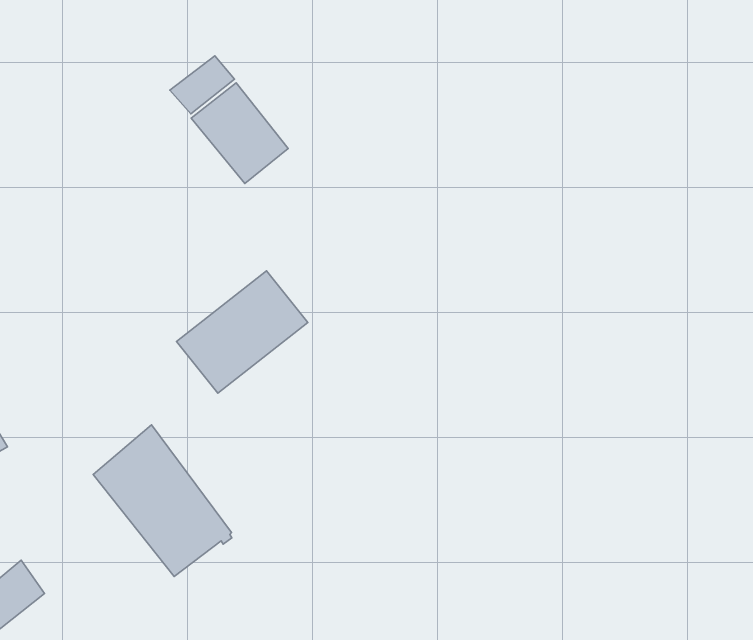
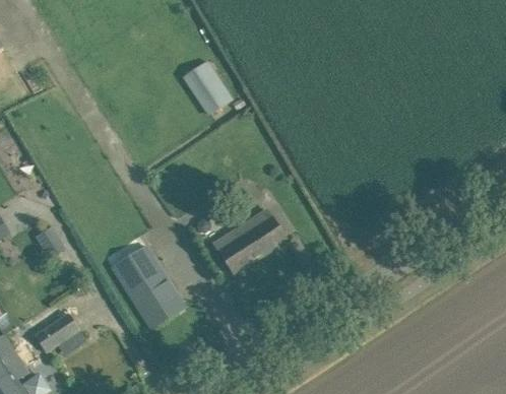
building: [170,56,235,114] -> none
building: [176,271,308,393] -> [213,209,287,274]

